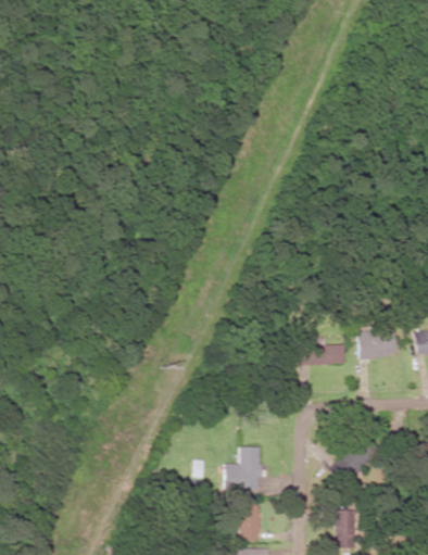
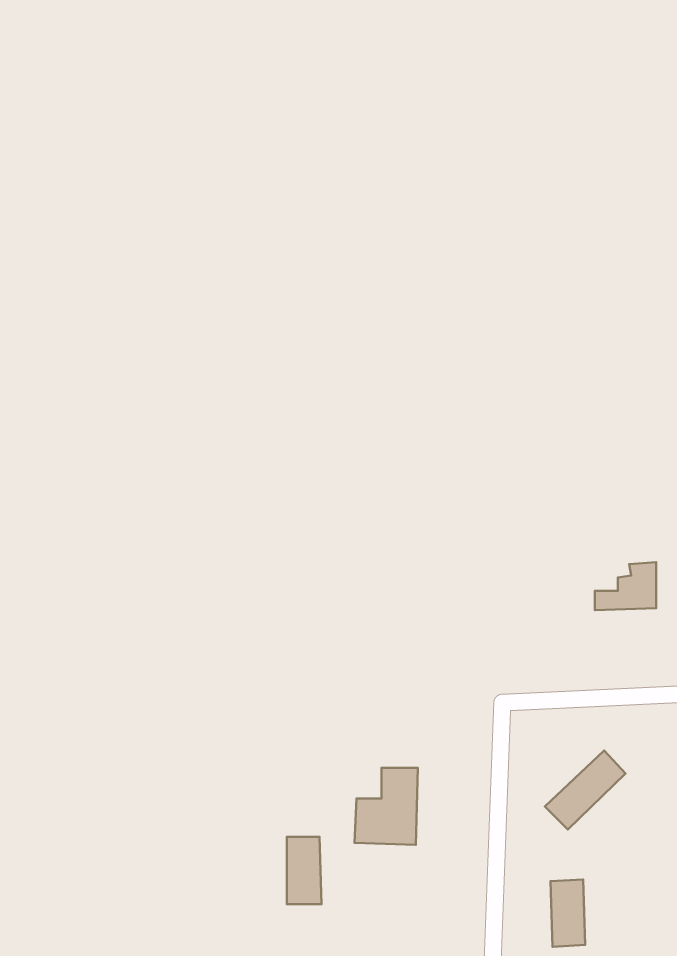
building: [298,337,344,365] -> none
building: [239,503,259,541] -> [287,837,322,904]

